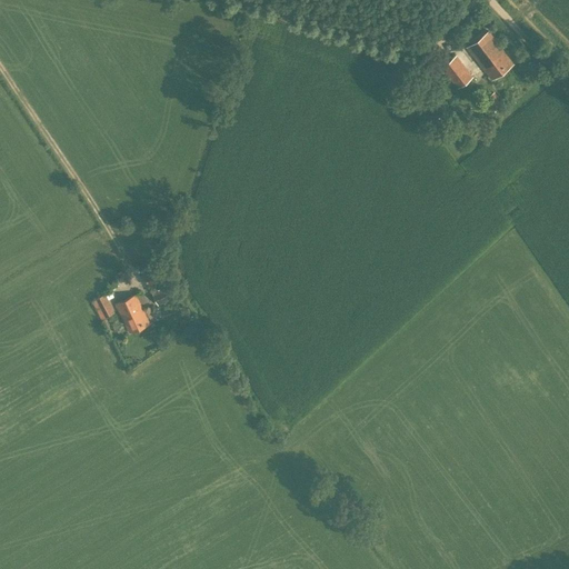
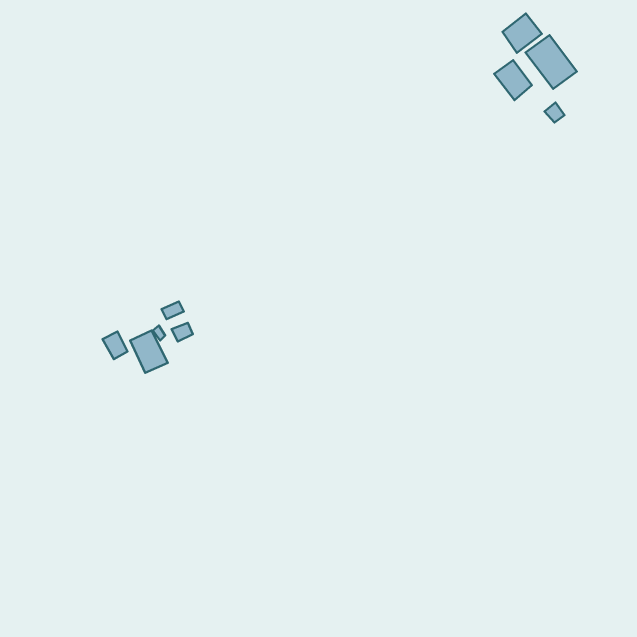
building: none -> [502,14,542,53]

